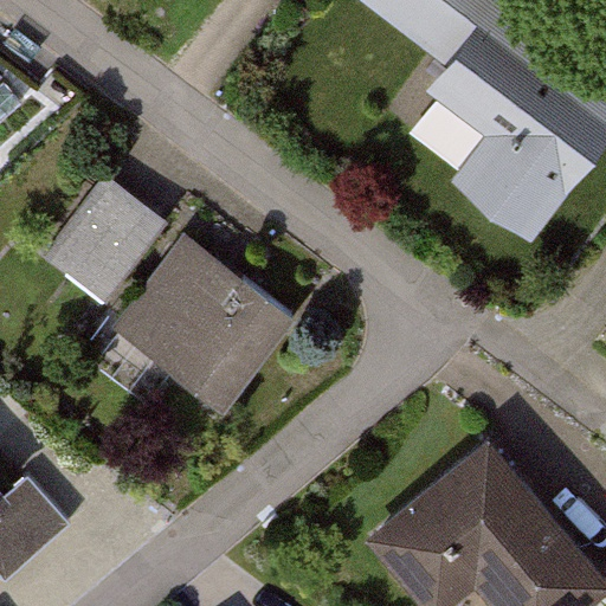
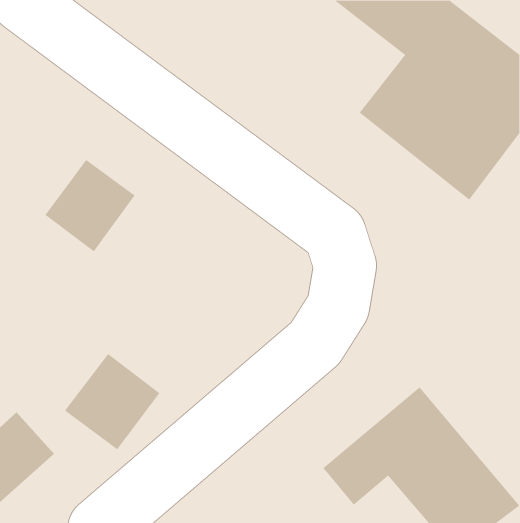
building: [109,239,284,412] -> none
building: none -> [64,353,160,450]

